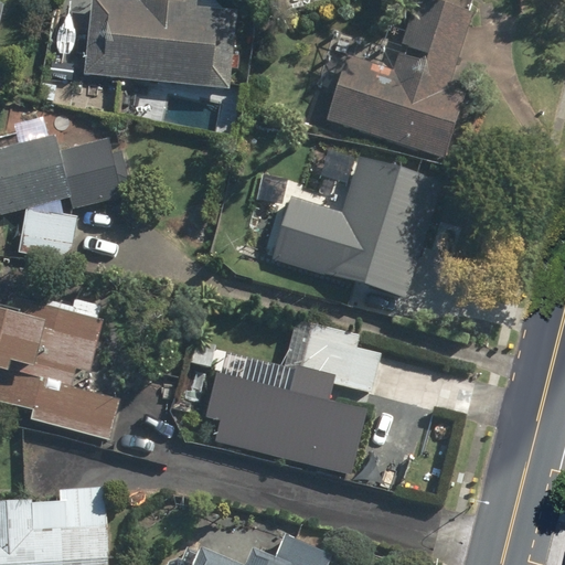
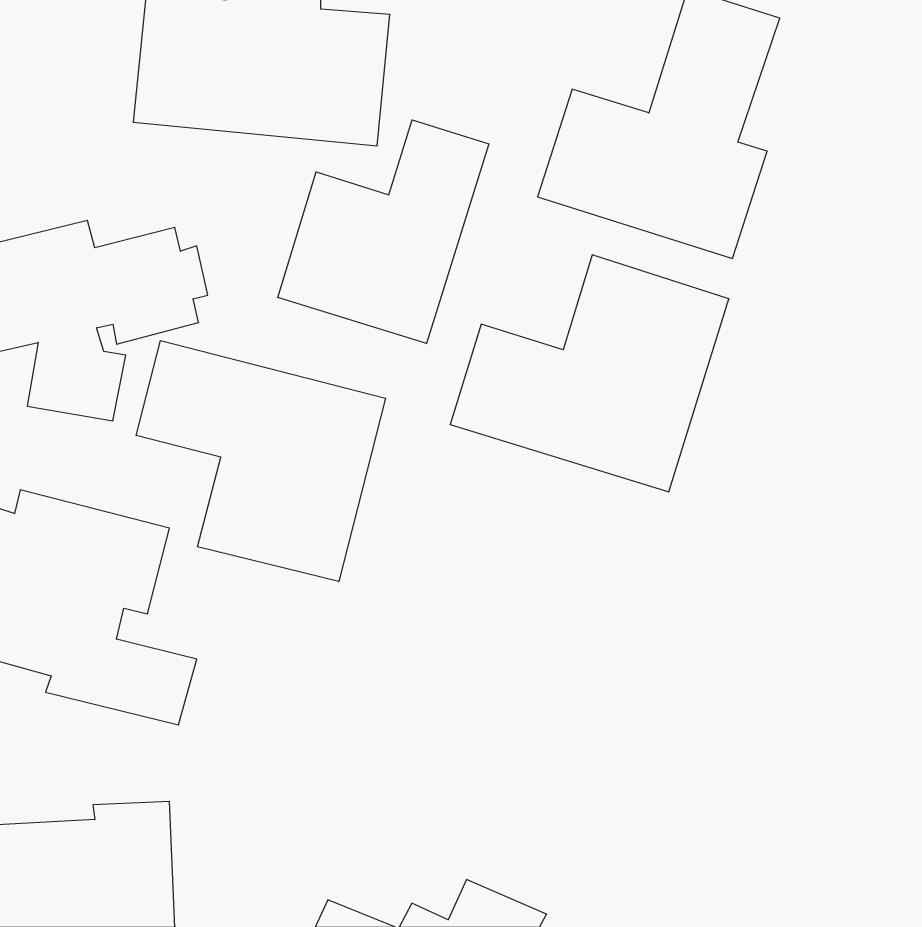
building: none -> [278,120,489,344]
building: none -> [136,341,385,582]
building: [204,322,379,476] -> none

